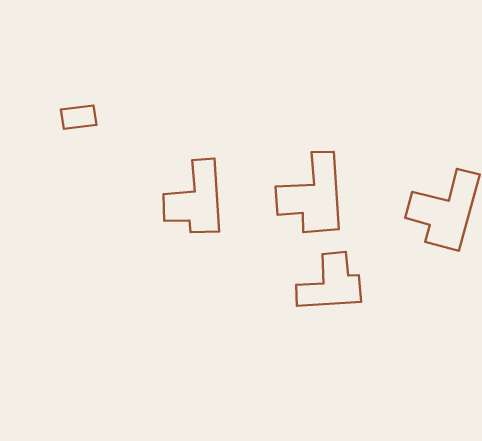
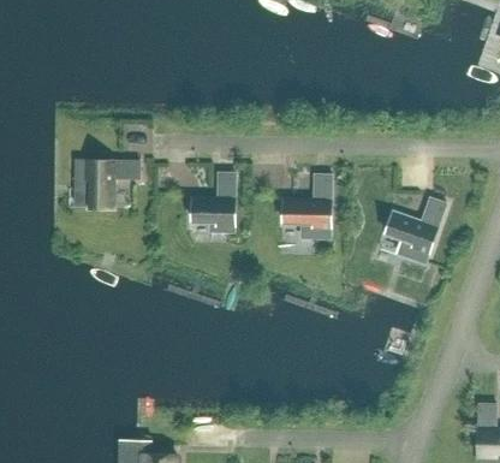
building: none -> [76,160,138,209]
building: [296,252,361,306] -> none

